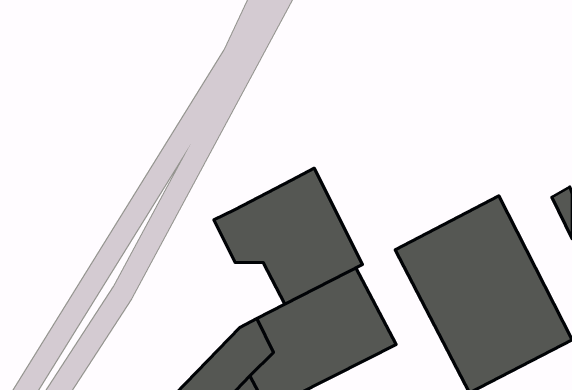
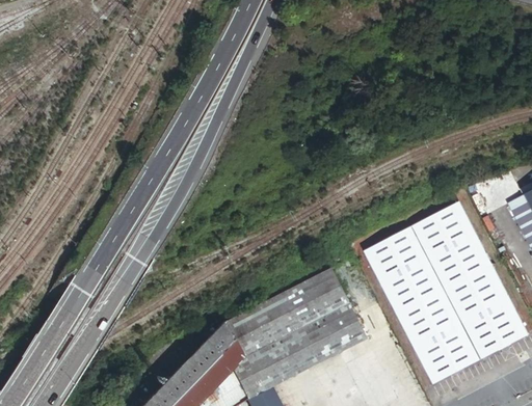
building: [214,168,363,304] -> none

